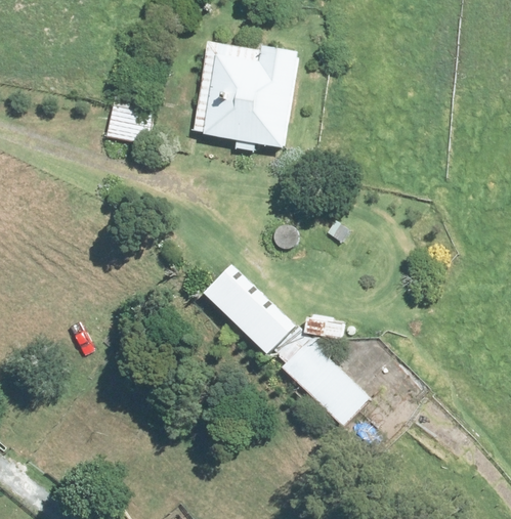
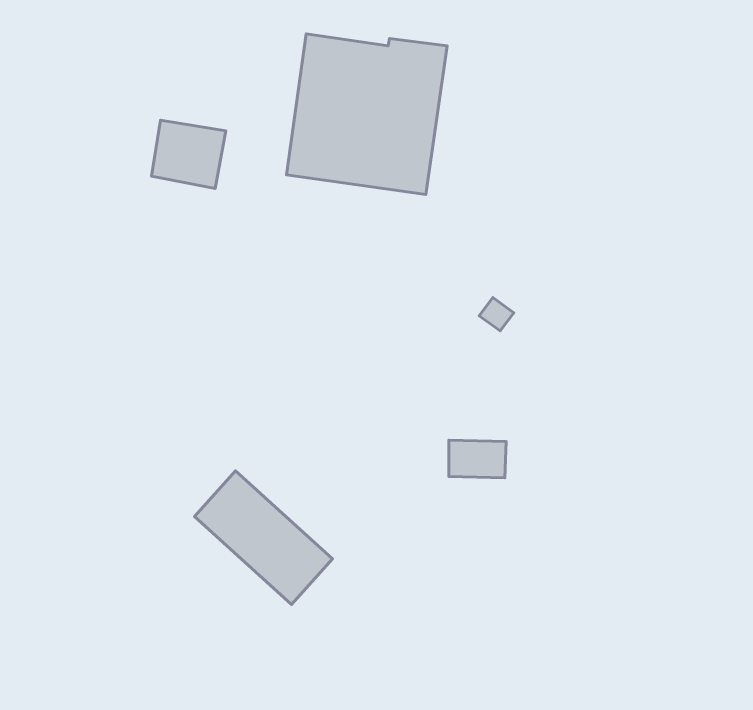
building: [205,266,298,356] -> [194,471,332,604]
building: [282,340,369,424] -> none

